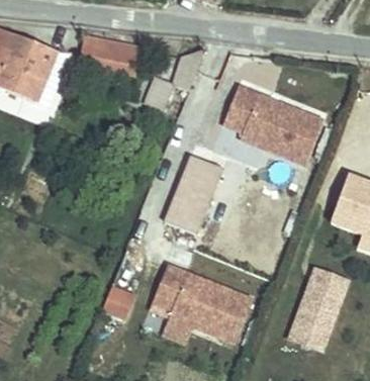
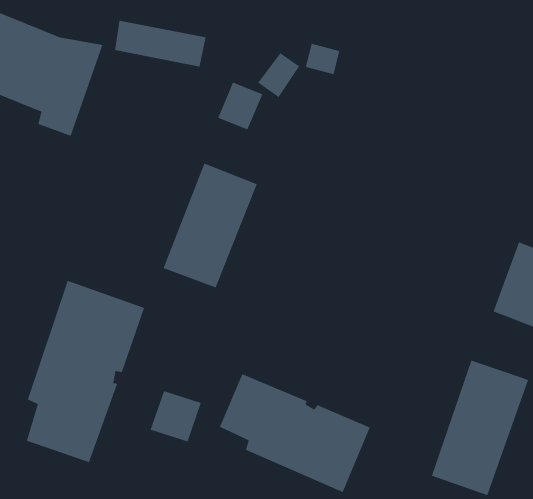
building: [221,89,321,168] -> none
building: [163,147,225,229] -> [162,162,258,288]
building: none -> [26,280,145,463]

